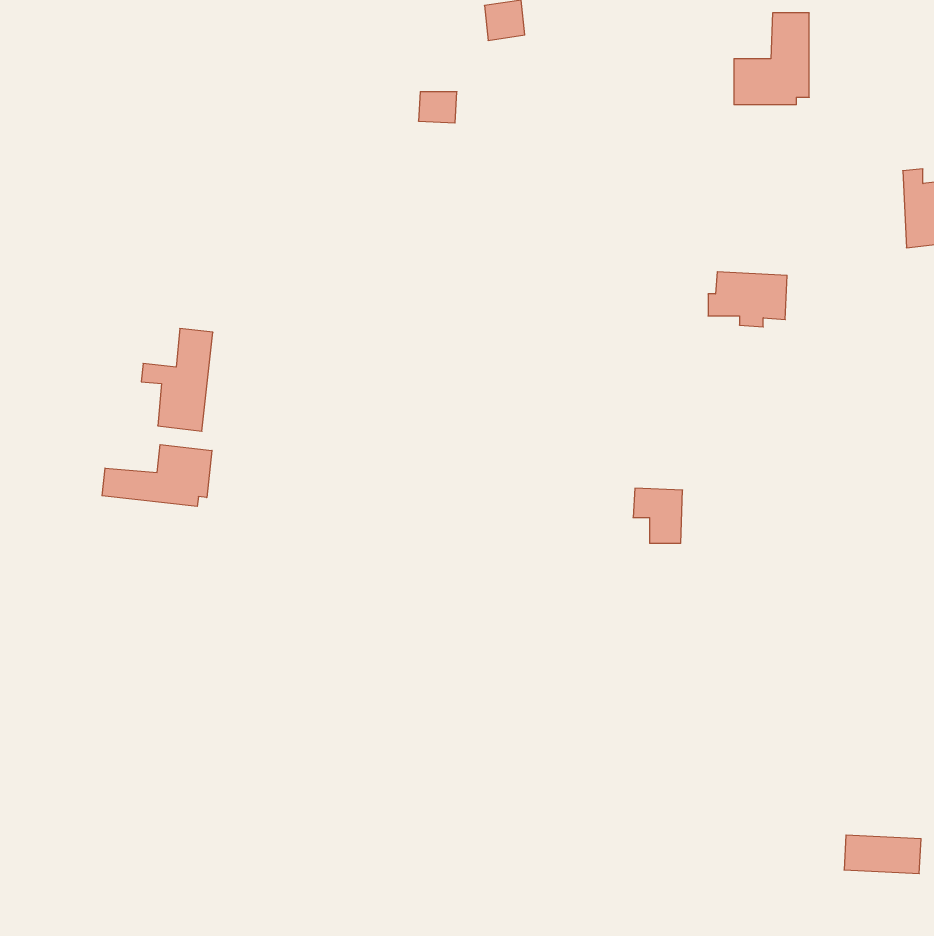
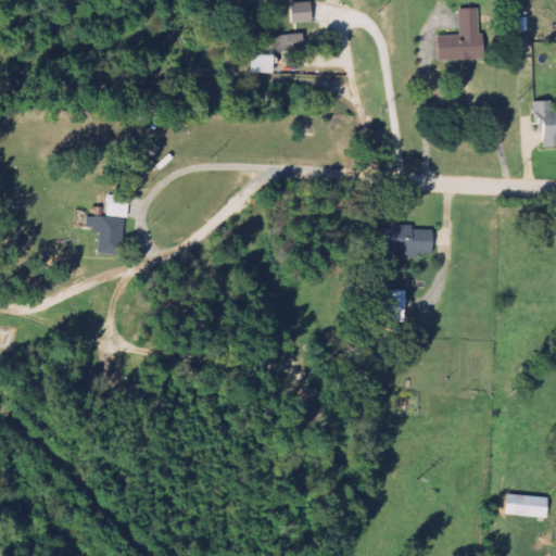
building: none -> [271,31,306,52]
building: [708,272,787,327] -> [386,226,432,258]
building: [102,445,212,506] -> none

